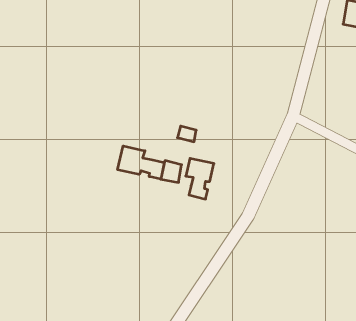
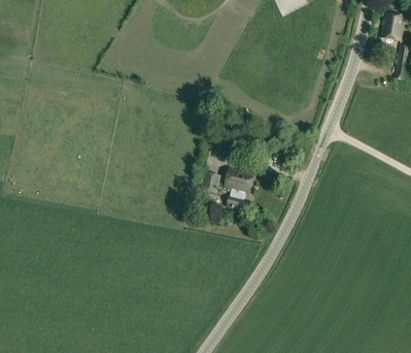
building: [118,146,164,179] -> none

